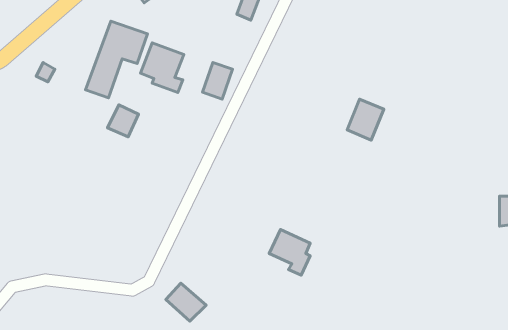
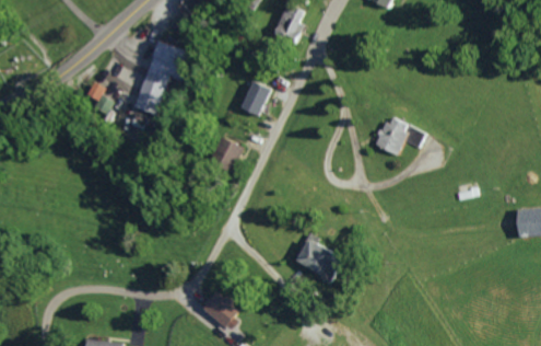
building: [141,43,184,93] -> none
building: [107,105,138,137] -> [212,138,242,169]

